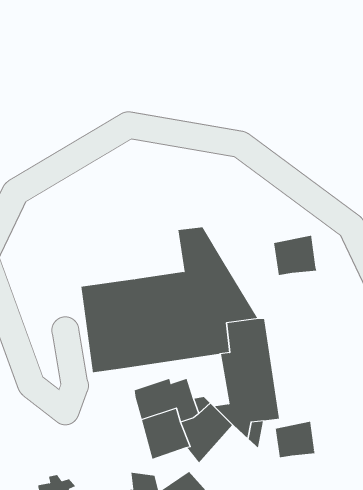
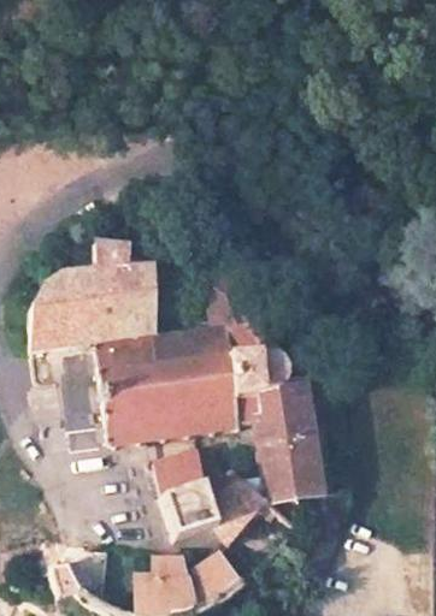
building: none -> [29,243,155,353]
building: [273,235,317,276] -> none
building: [275,421,315,458] -> none

